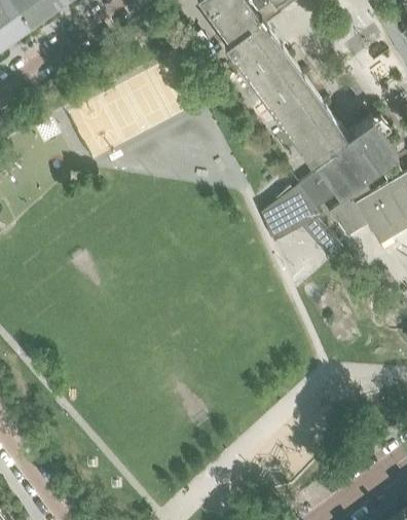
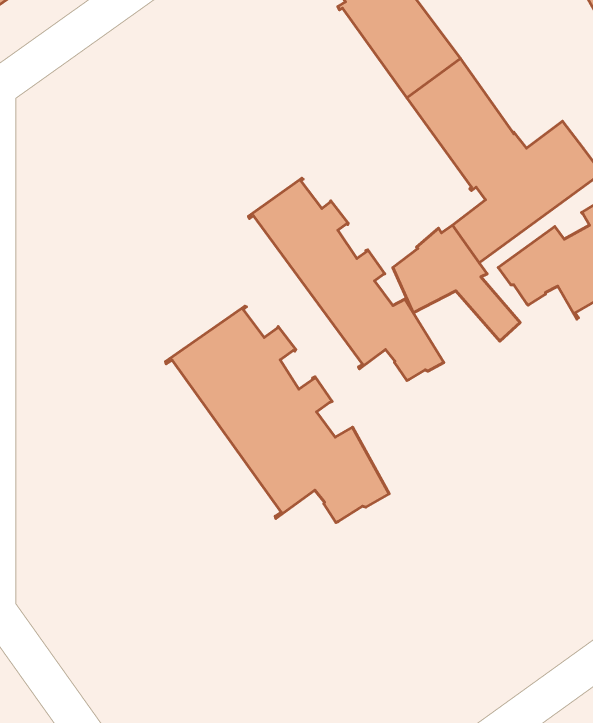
building: none -> [248,178,444,381]
building: none -> [165,306,389,522]

